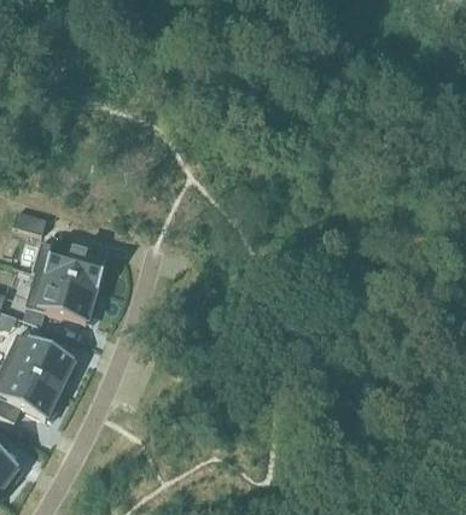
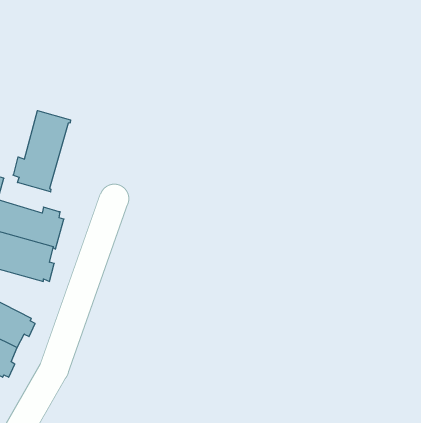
building: none -> [13,111,70,192]

